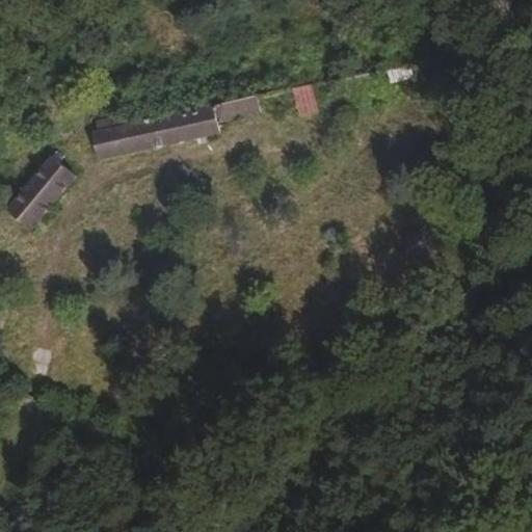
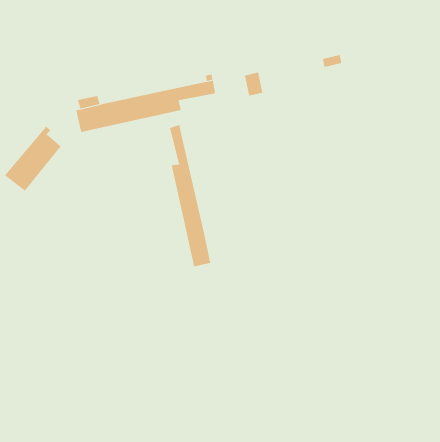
building: none -> [170,124,211,267]

